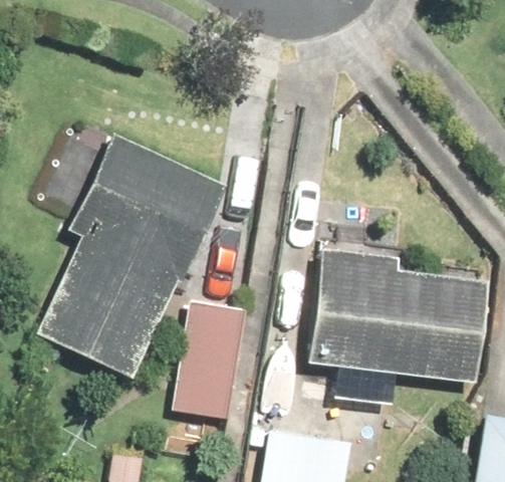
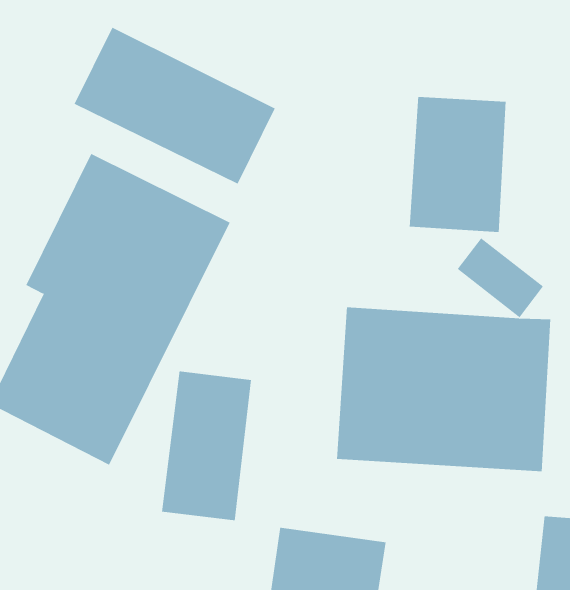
building: none -> [74,27,275,184]
building: none -> [409,96,506,233]

